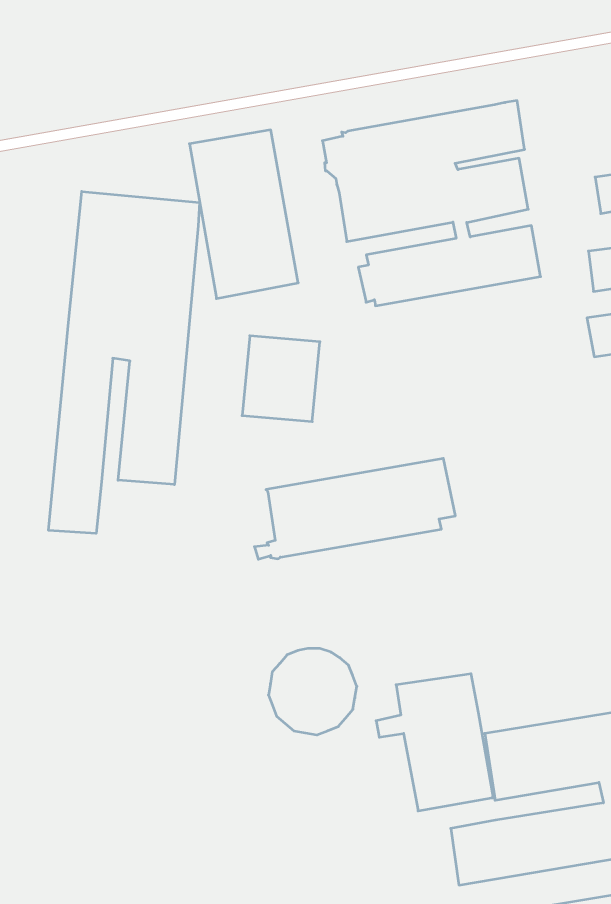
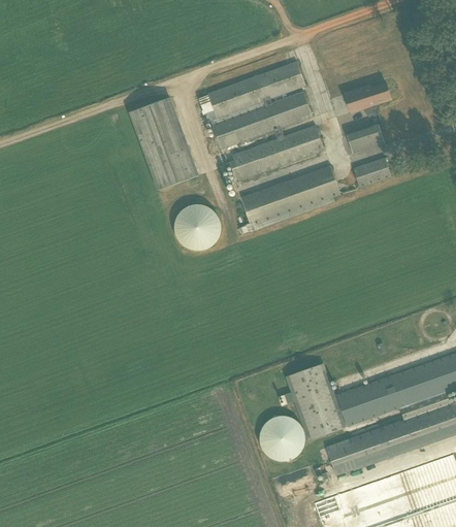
building: [49,191,200,533] -> none
building: [254,458,455,559] -> [239,165,341,234]
building: [268,648,357,735] -> [260,416,305,461]

